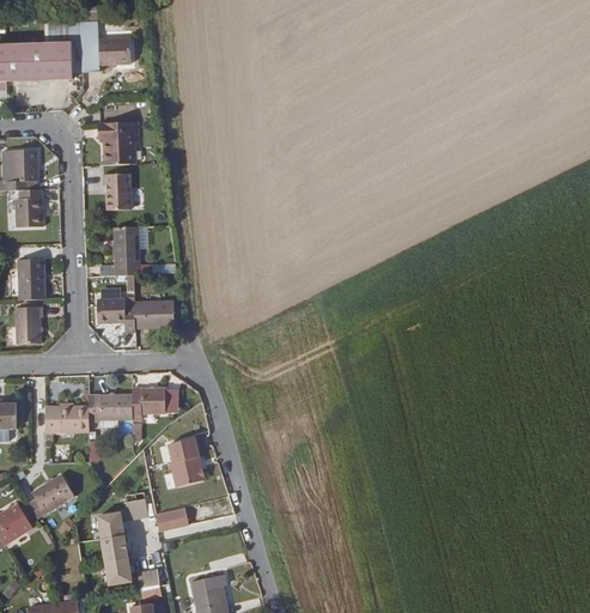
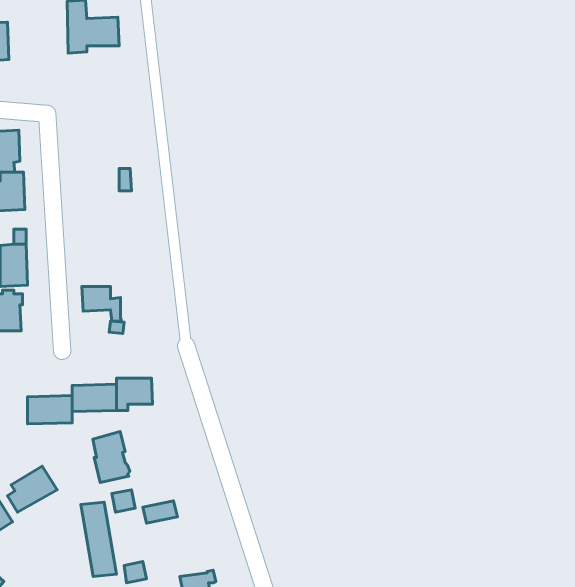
building: [25,42,74,80] -> none
building: [99,123,139,166] -> none
building: [104,174,130,211] -> none
building: [114,227,140,275] -> none
building: [134,301,172,329] -> none
building: [170,437,206,486] -> [93,432,130,482]

